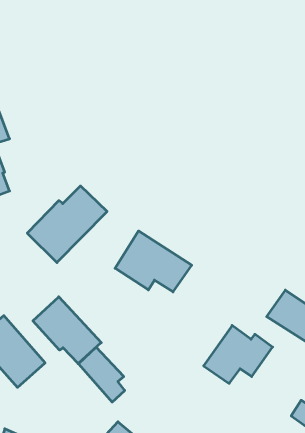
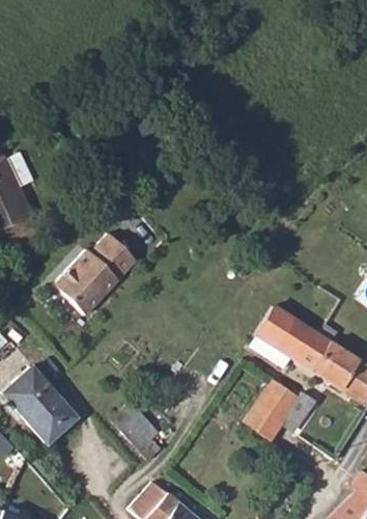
building: [115,231,192,292] -> [248,305,329,370]
building: [33,297,101,364] -> none

